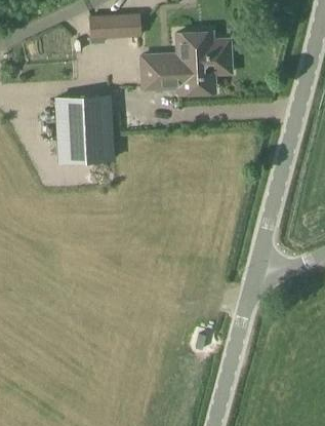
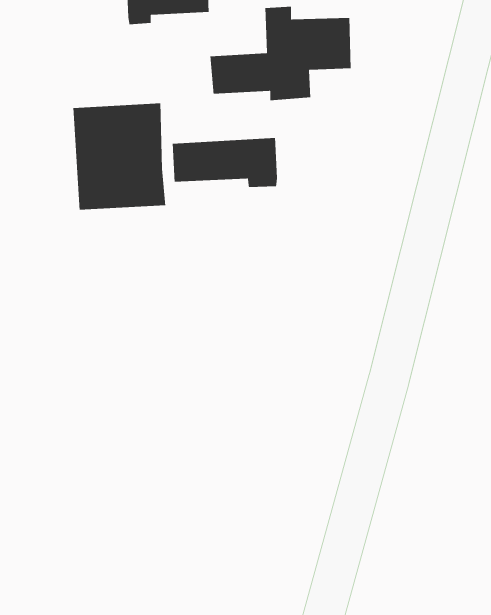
building: none -> [172,137,278,188]

